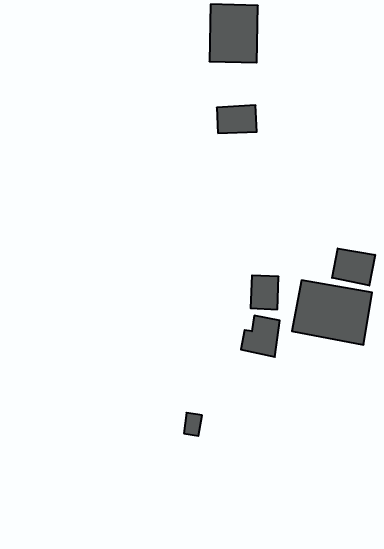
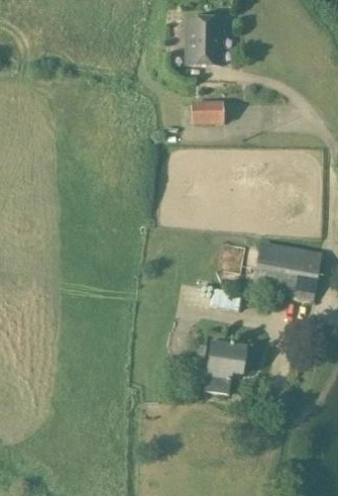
building: [332,248,375,286] -> none
building: none -> [195,338,250,393]

